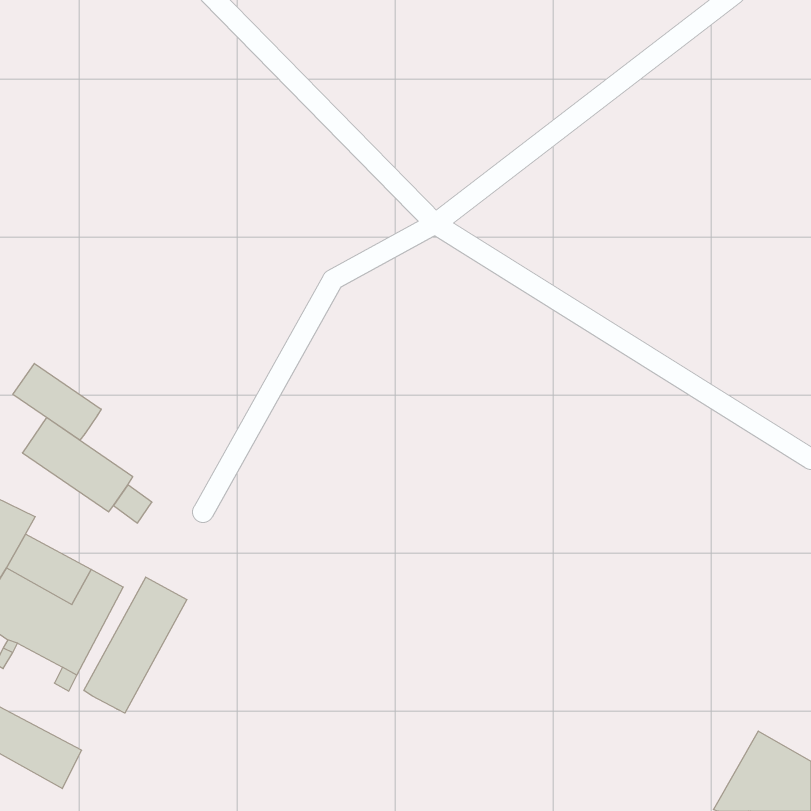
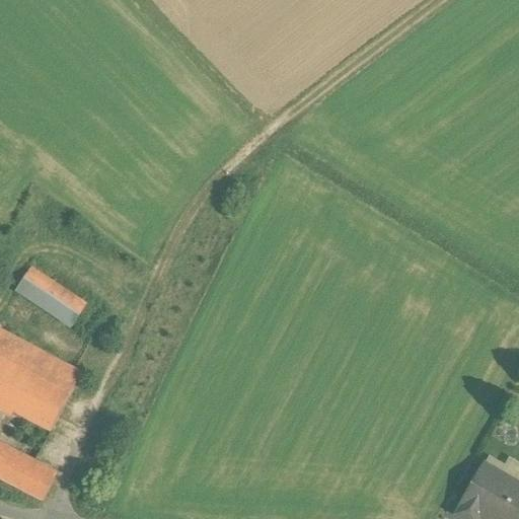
building: [13,363,101,440] -> none
building: [84,577,187,713] -> none

